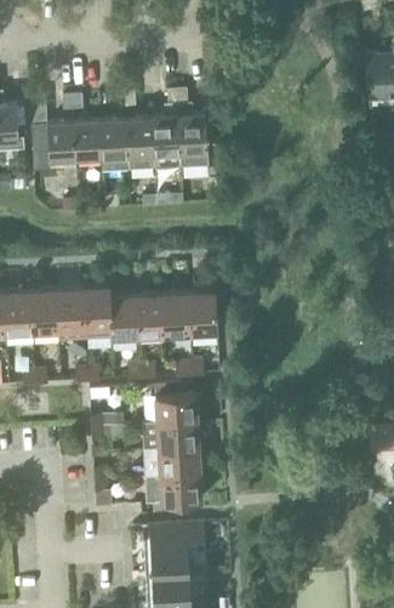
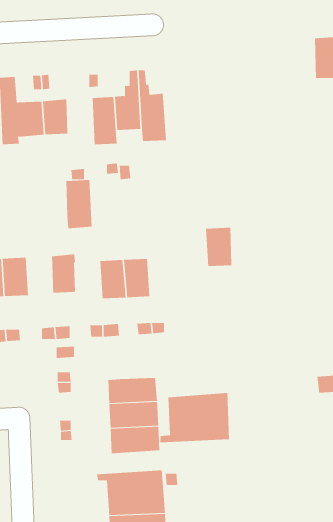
building: [101,119,130,172] -> [65,180,92,229]
building: [57,290,85,333] -> none
building: [188,291,217,334] -> [205,227,232,267]
building: [109,295,138,337] -> none
building: [155,394,196,422] -> none
building: none -> [160,392,230,443]

